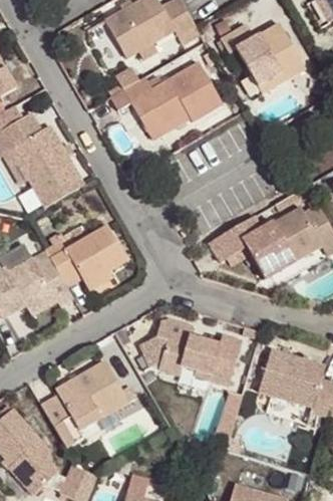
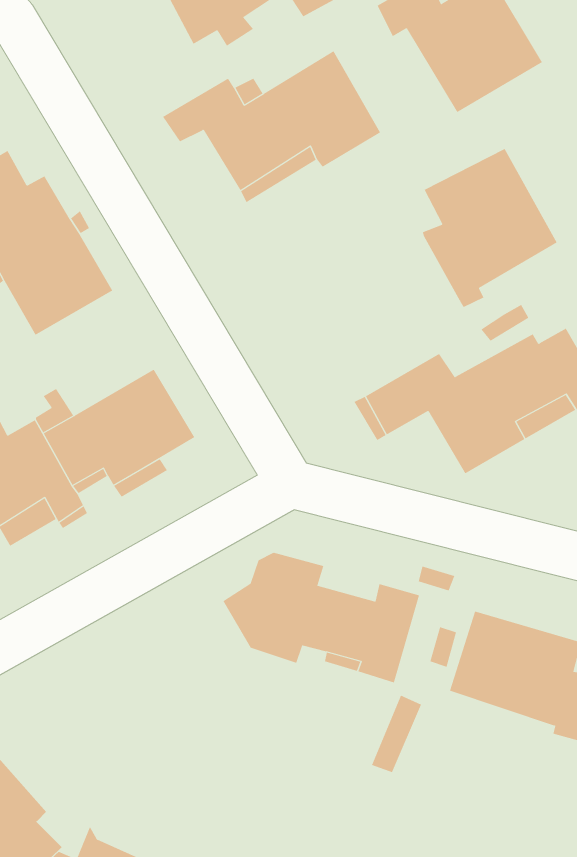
building: none -> [422,148,557,308]
building: [39,359,128,448] -> none

